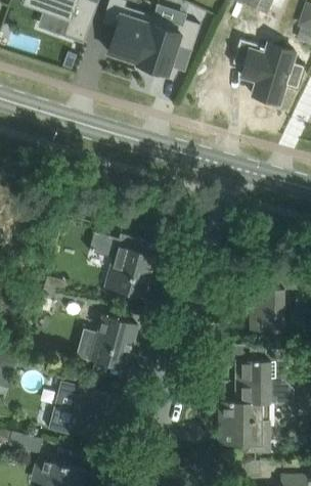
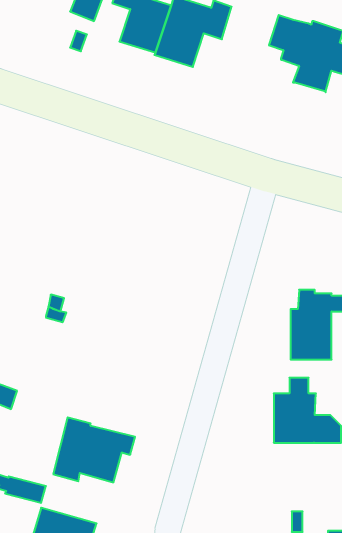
building: [89,232,157,298] -> none
building: [80,316,137,367] -> none
building: [218,402,269,452] -> none

